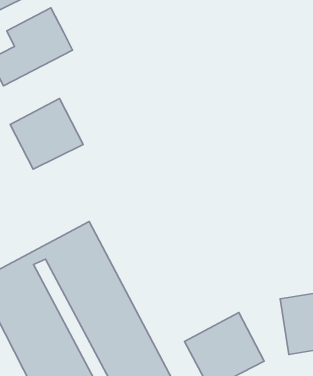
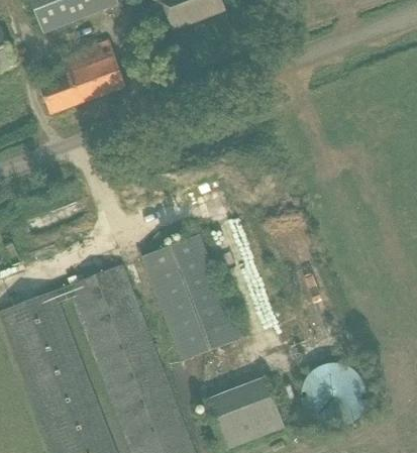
building: [10,99,83,169] -> none
building: none -> [143,233,236,358]

